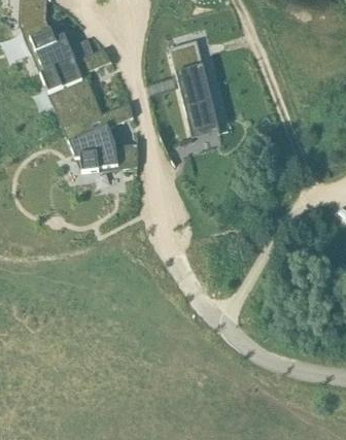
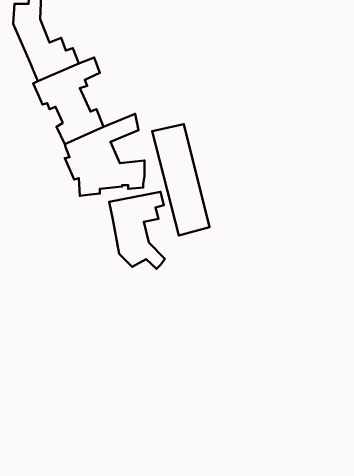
building: [169,39,219,137] -> [152,124,209,236]
building: none -> [109,192,165,269]

